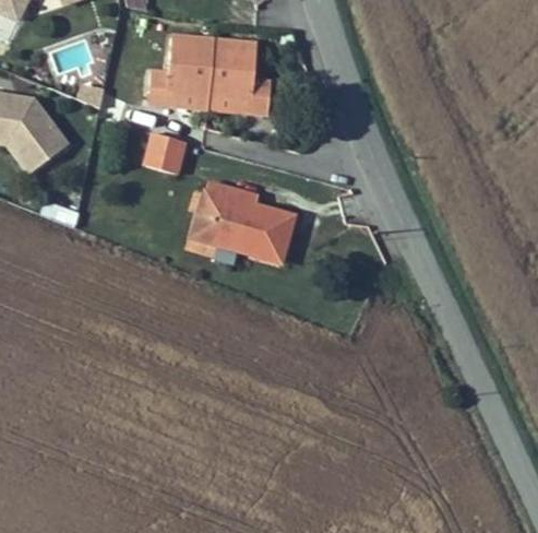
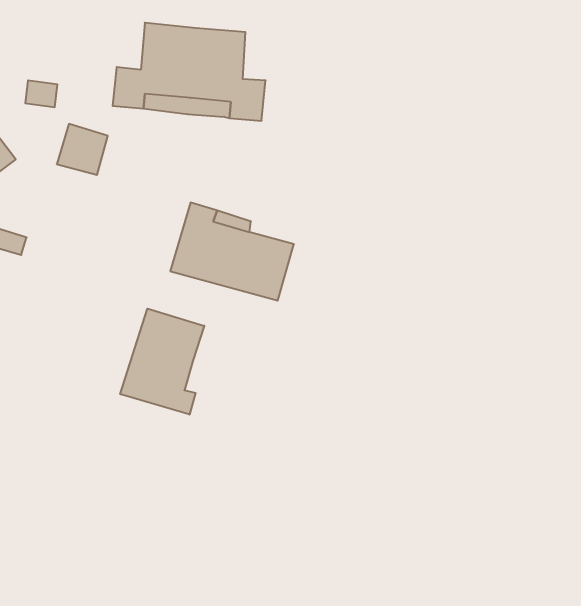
building: [144,131,186,173] -> [57,124,108,175]
building: none -> [120,309,204,415]

